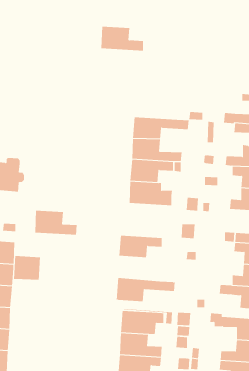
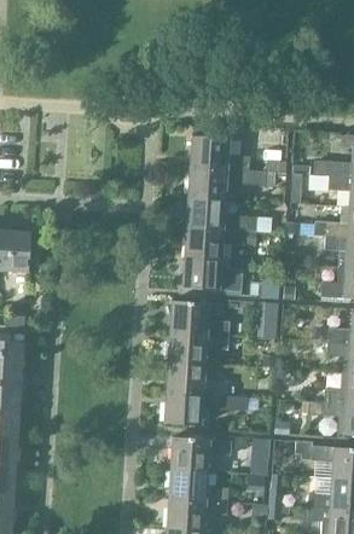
building: [101,26,144,51] -> [188,135,249,170]
building: [34,210,78,235] -> [169,301,230,336]
building: [14,255,40,281] -> none
building: none -> [166,361,226,396]

